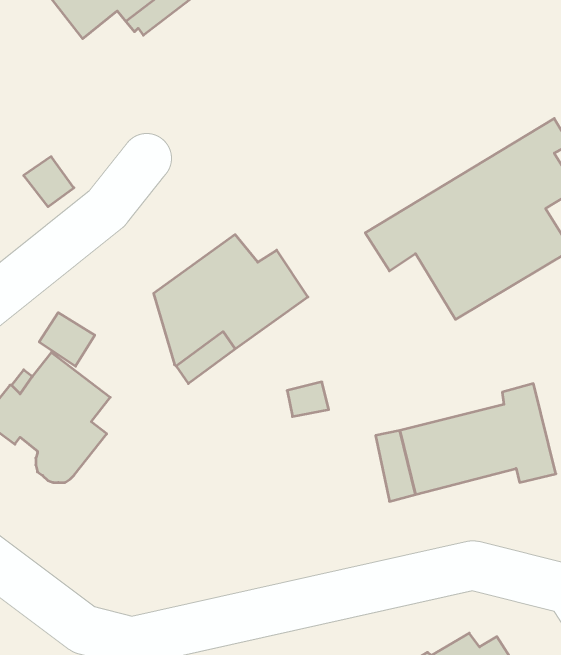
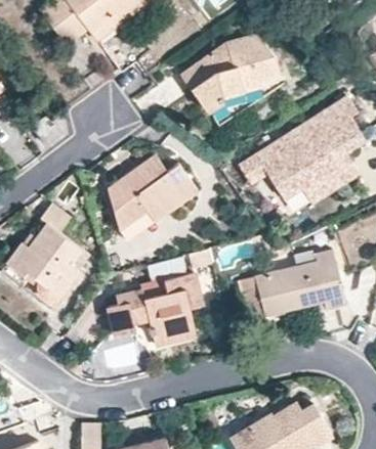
building: none -> [180,34,283,125]
building: none -> [106,272,204,346]

